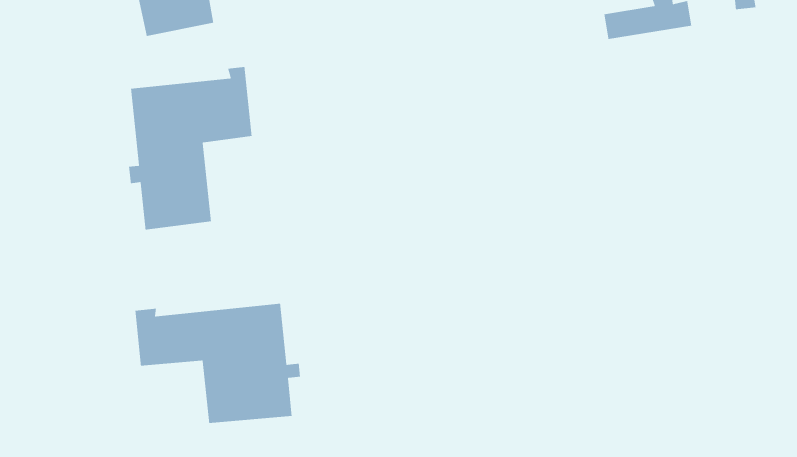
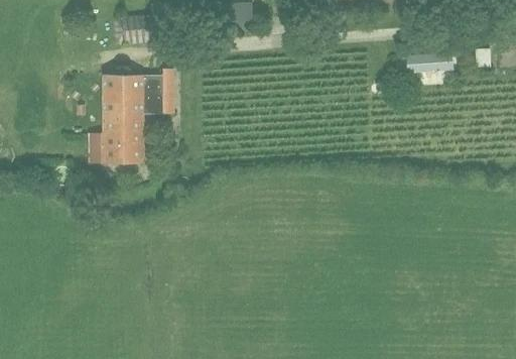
building: [134,303,301,424] -> none

